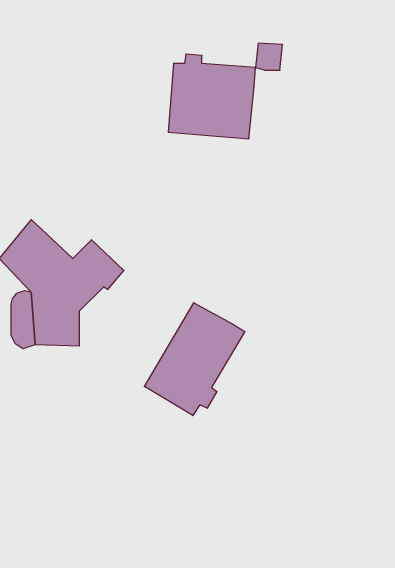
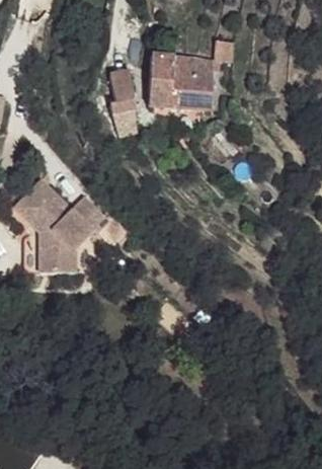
building: none -> [108,74,135,122]
building: [144,303,245,416] -> none

